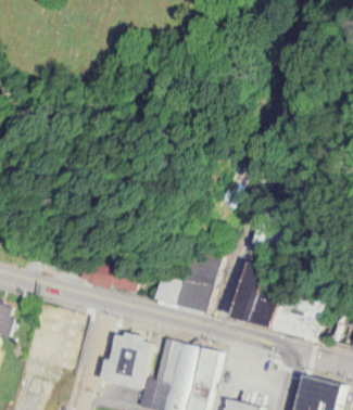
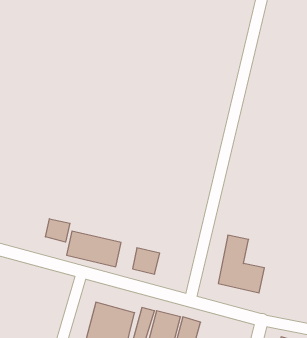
building: none -> [45,219,70,242]
building: [177,255,215,312] -> none
building: [285,302,319,334] -> none

